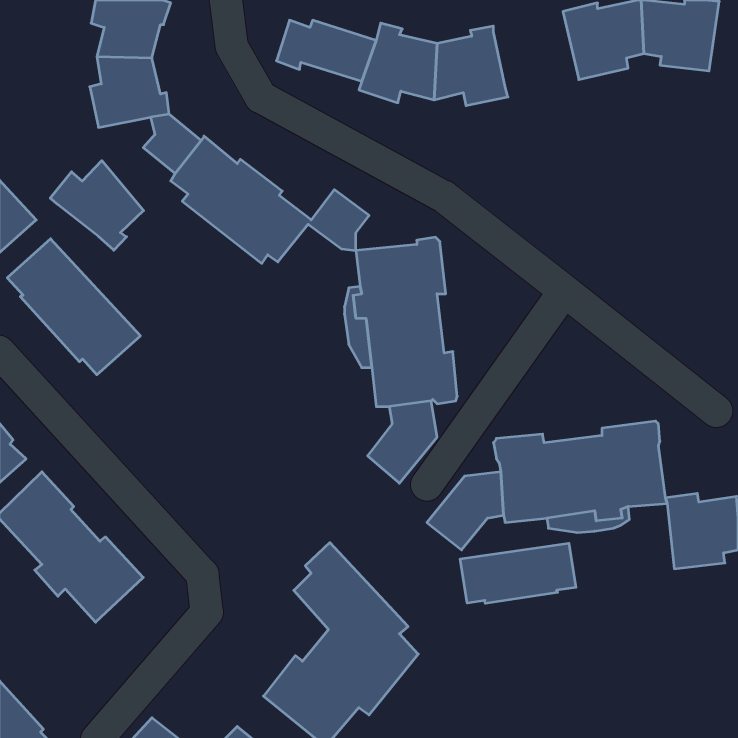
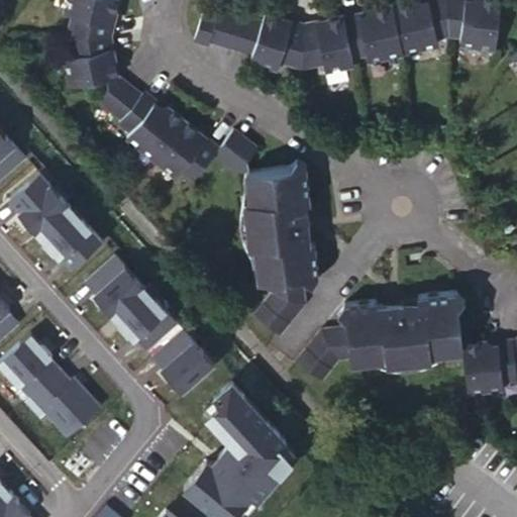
building: none -> [344,9,404,65]
building: [50,161,144,250] -> none
building: none -> [81,248,174,345]
building: none -> [147,322,211,388]
building: [460,543,576,603] -> none

